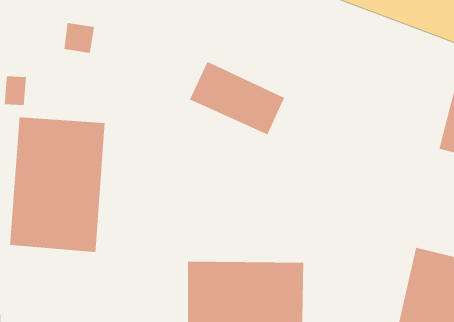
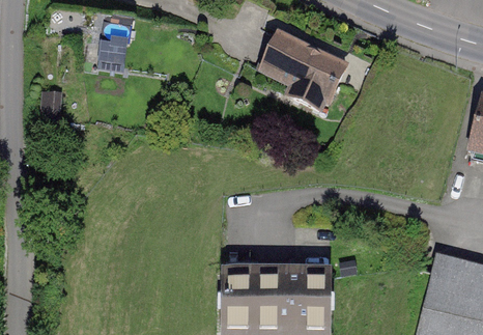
building: [189,61,285,136] -> [253,31,345,103]
building: [9,117,106,253] -> none

